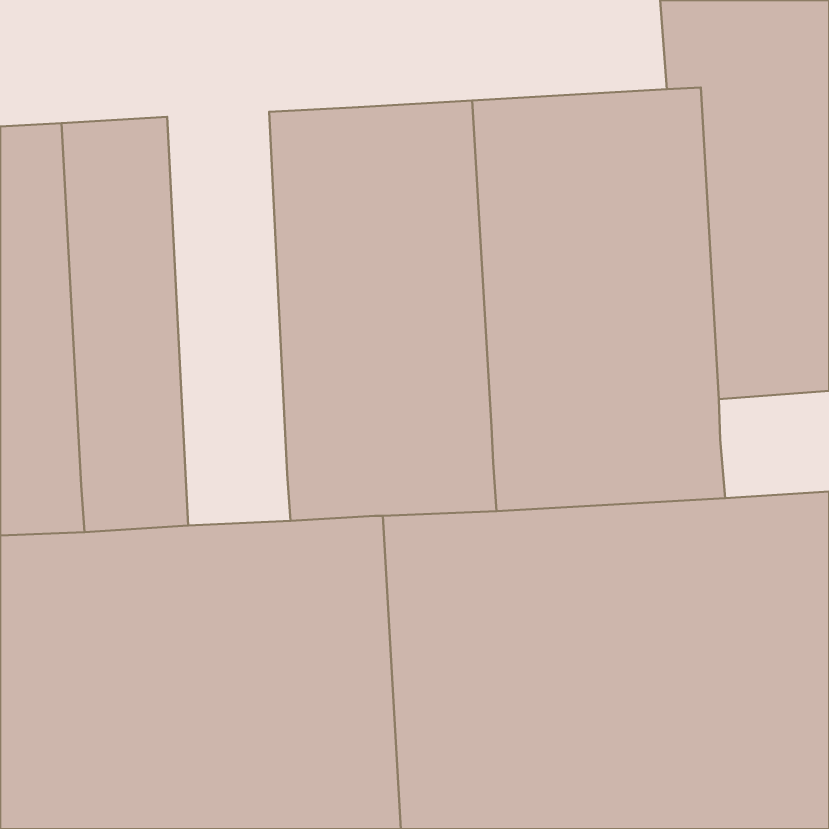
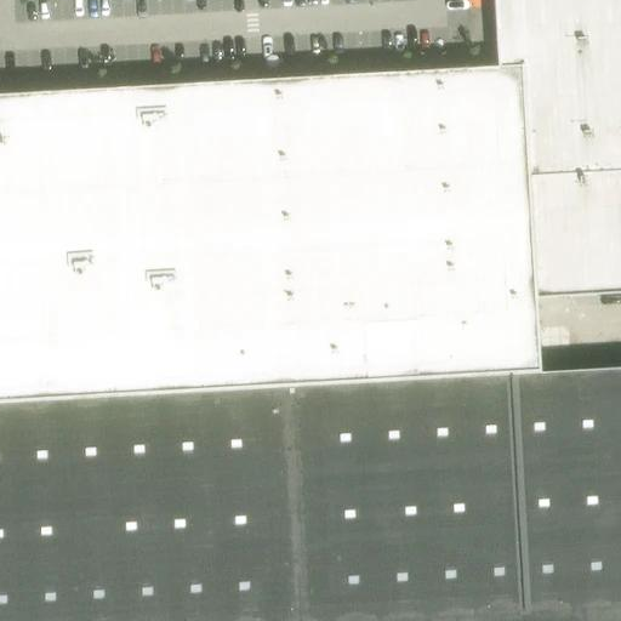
building: none -> [125,84,217,393]

